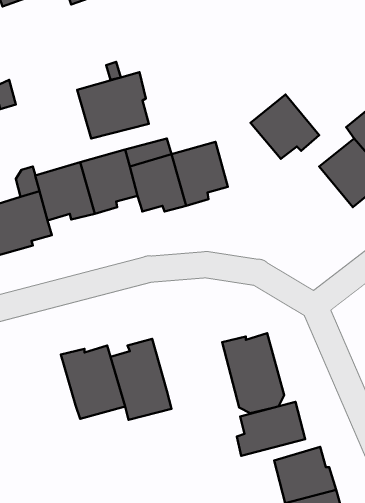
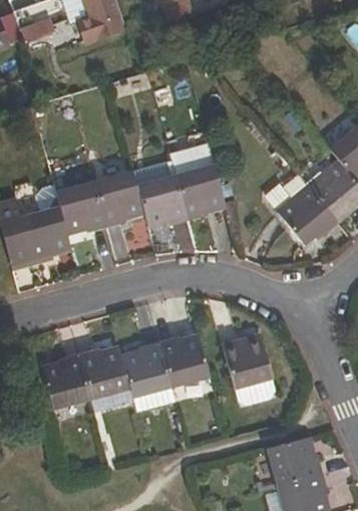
building: [77,72,149,139] -> none
building: [250,95,319,159] -> [276,186,337,243]
building: none -> [158,334,211,386]
building: none -> [41,353,90,409]
building: [237,402,305,456] -> none

